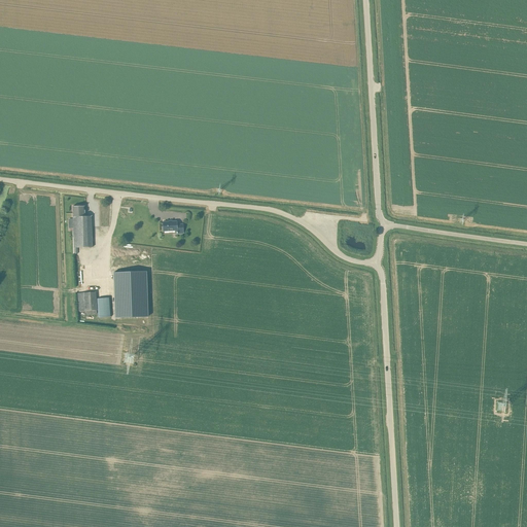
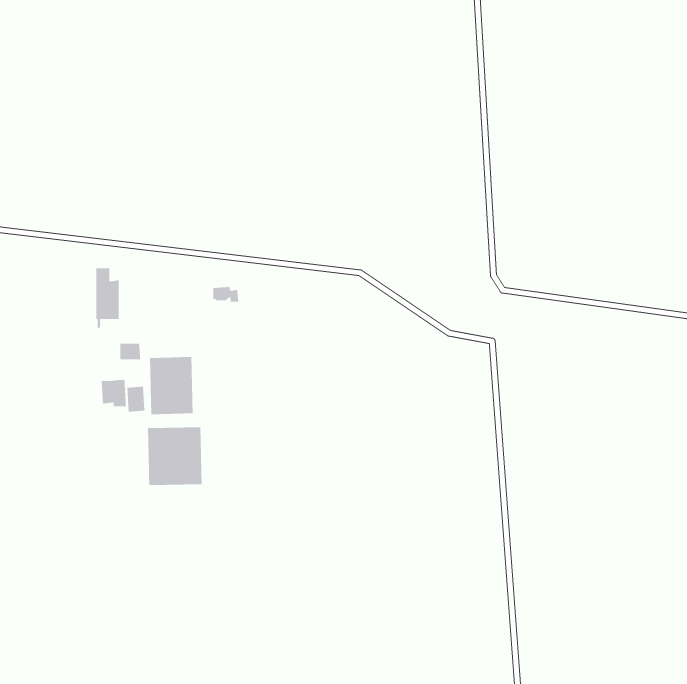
building: none -> [147,427,202,486]

